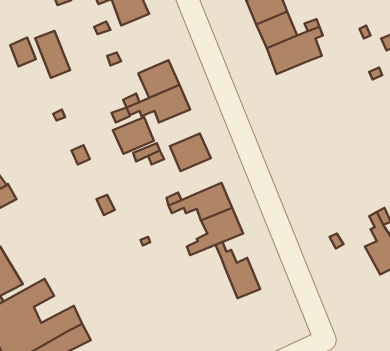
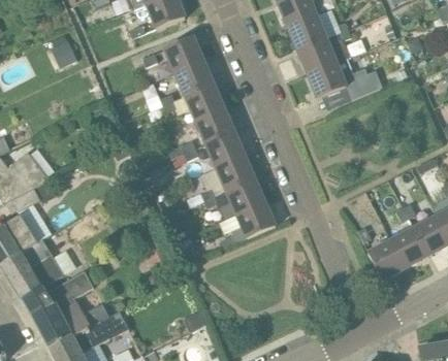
building: [35,31,70,78] -> none
building: none -> [164,35,203,72]
building: none -> [307,61,382,99]
building: [113,117,154,154] -> [194,107,233,142]
building: none -> [215,154,254,190]
building: [216,242,260,298] -> none
building: none -> [367,238,406,278]

